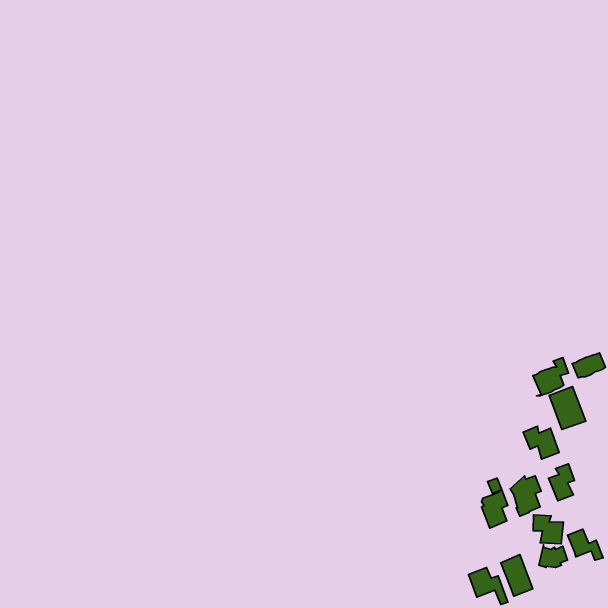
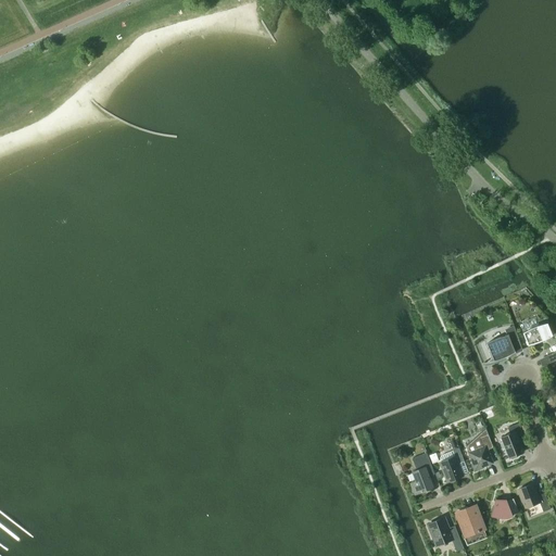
building: [549,386,586,429] -> none
building: [523,426,559,459] -> none
building: none -> [409,453,432,494]
building: [533,515,564,544] -> none

